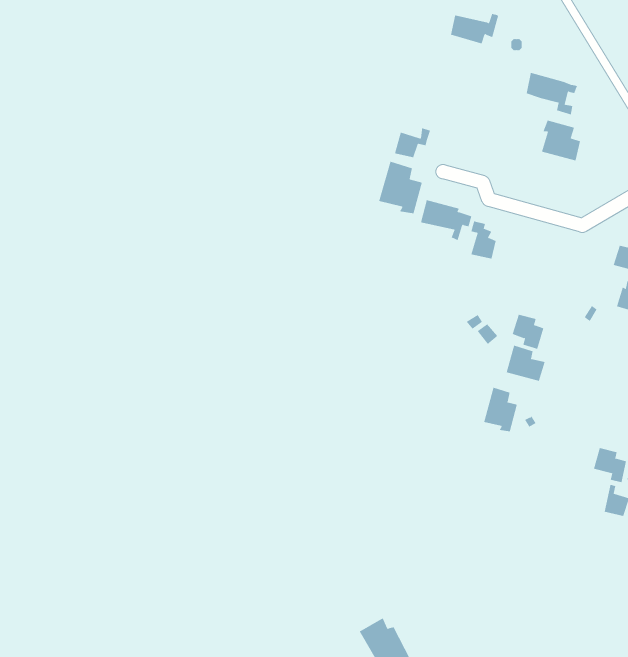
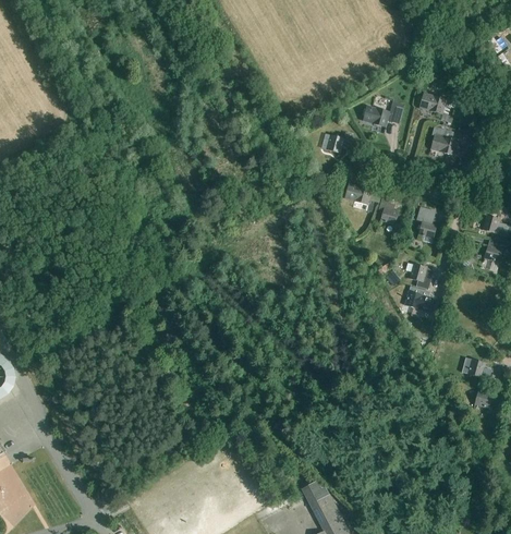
building: [450,13,499,44] -> [362,106,397,128]
building: [379,161,423,214] -> none
building: none -> [415,207,436,240]
building: [483,387,517,432] -> none

